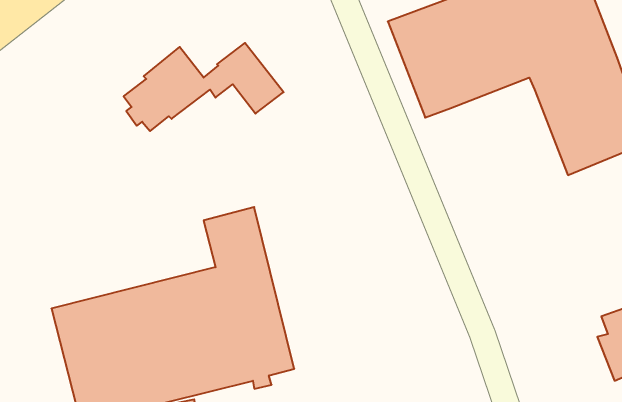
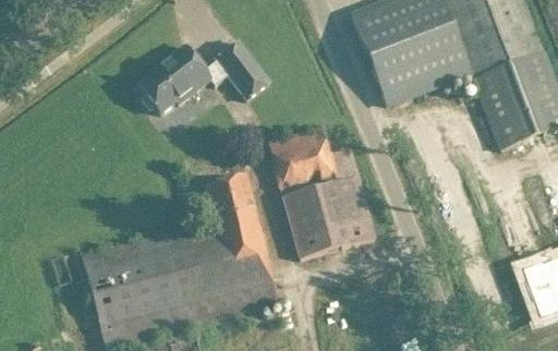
building: none -> [267,124,374,256]

